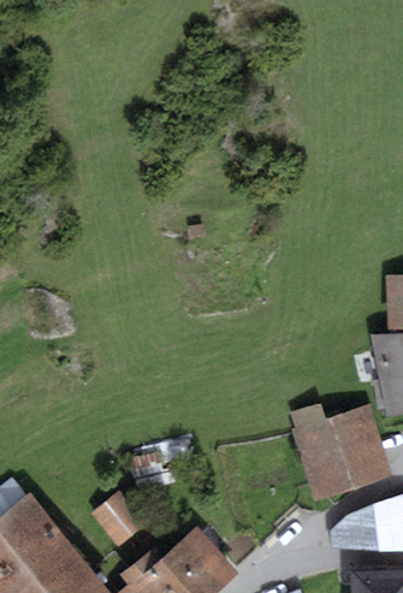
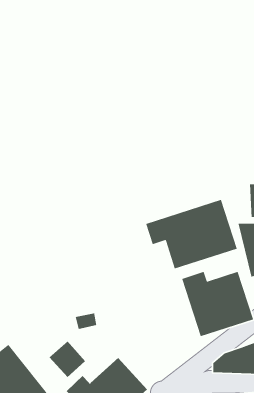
building: none -> [145,199,238,270]

